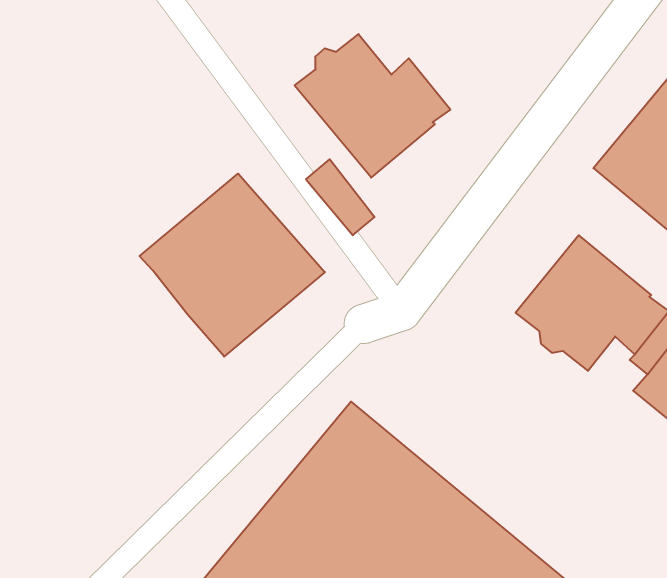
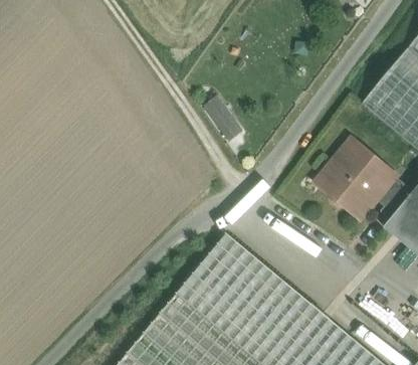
building: [295,34,450,178] -> none
building: [140,174,325,357] -> none

